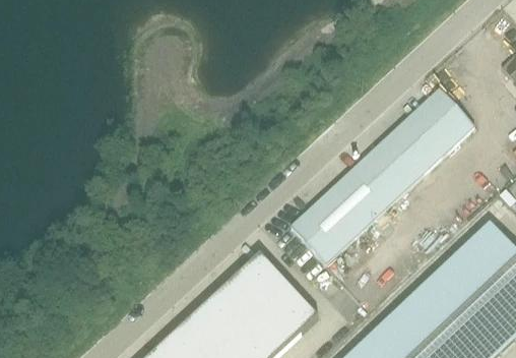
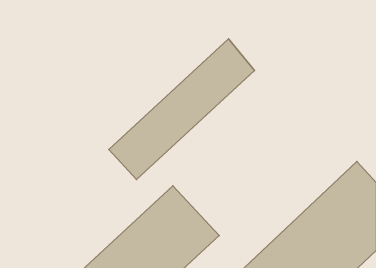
building: [291,87,472,263] -> [109,39,255,180]

